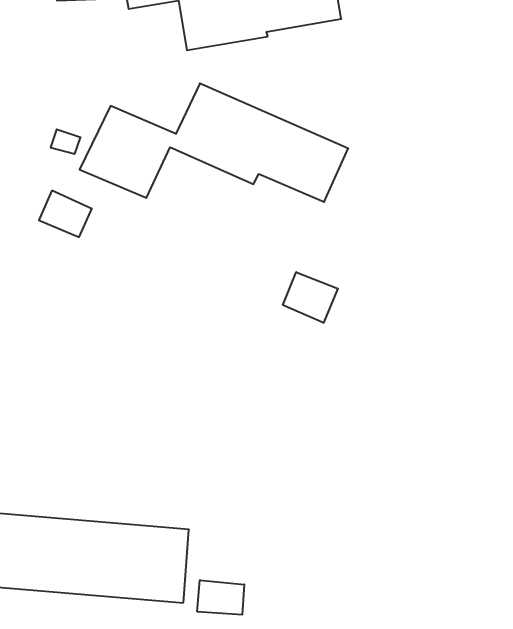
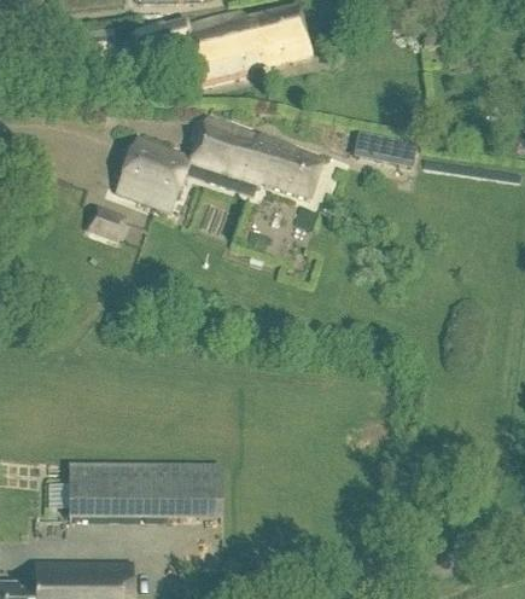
building: [283,272,338,323] -> none
building: [197,580,244,615] -> none

